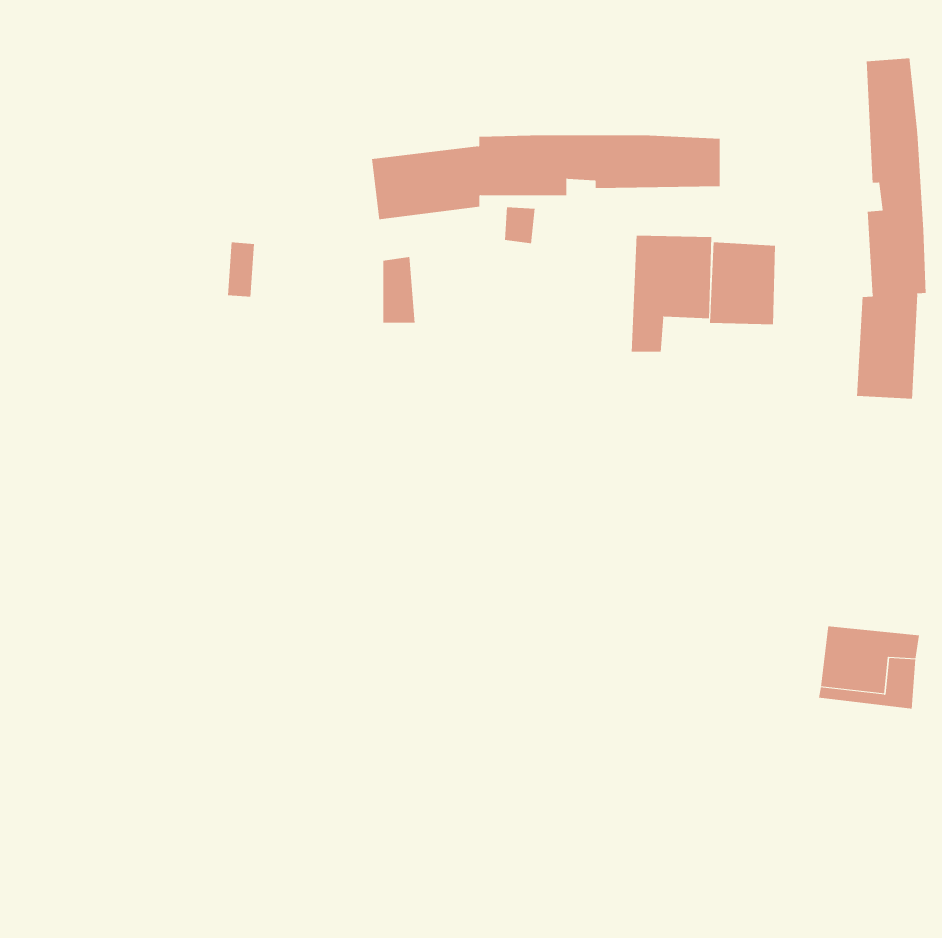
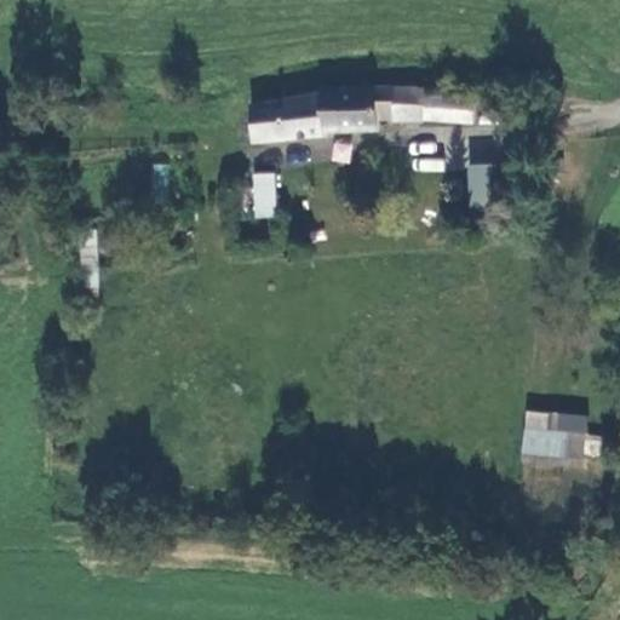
building: [857,58,926,399] -> none
building: [631,235,712,353] -> none

